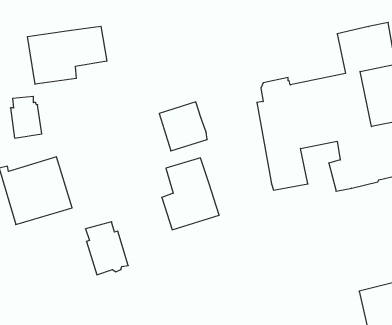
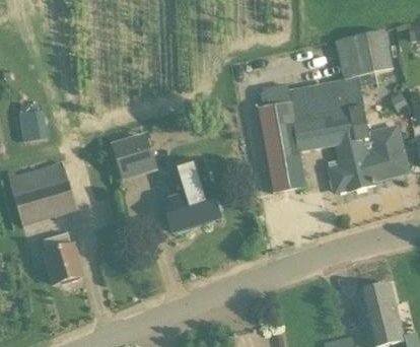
building: [28,26,107,84] -> none
building: [159,102,207,151] -> [110,132,156,180]
building: [85,222,128,275] -> [43,232,84,284]

